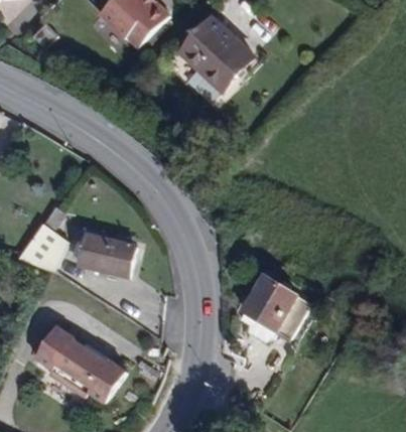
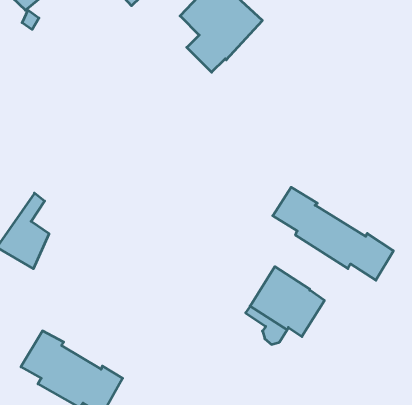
building: none -> [273,187,393,280]
building: [77,233,134,275] -> none

